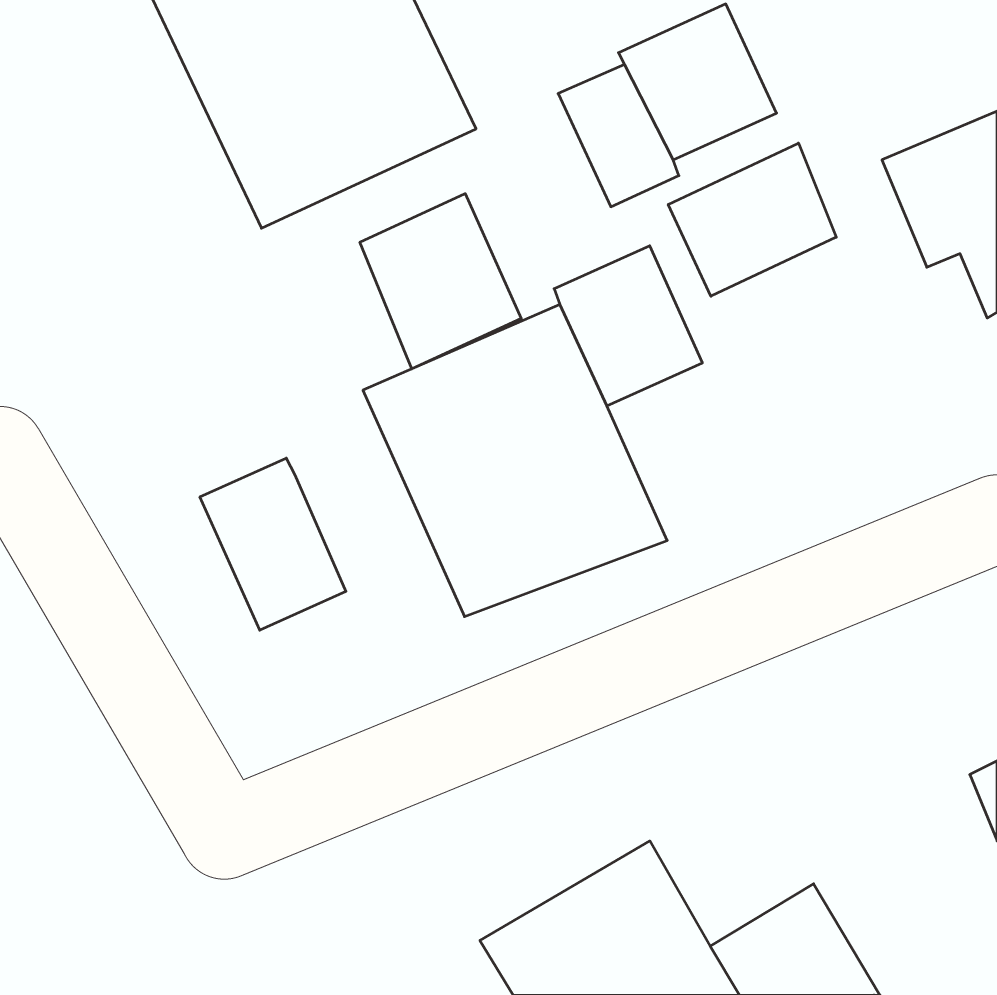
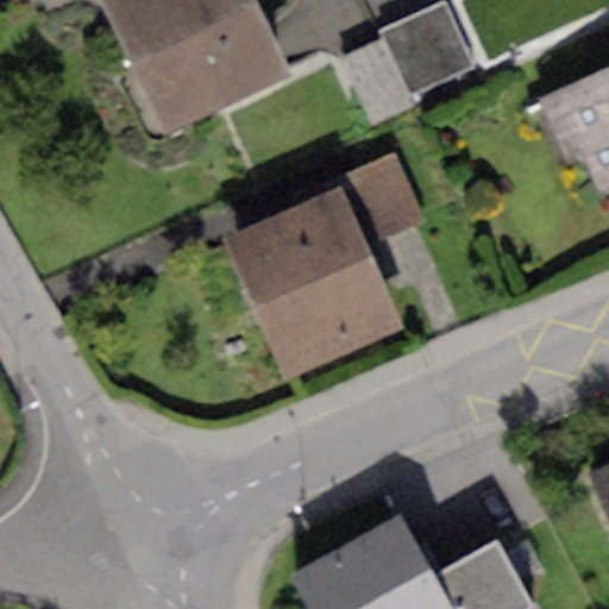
building: [668,143,836,296] -> none
building: [360,194,521,369] -> none
building: [200,458,346,630] -> none

